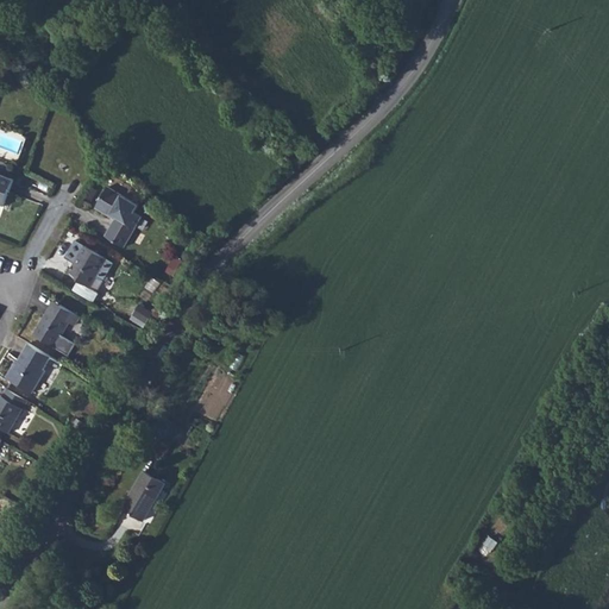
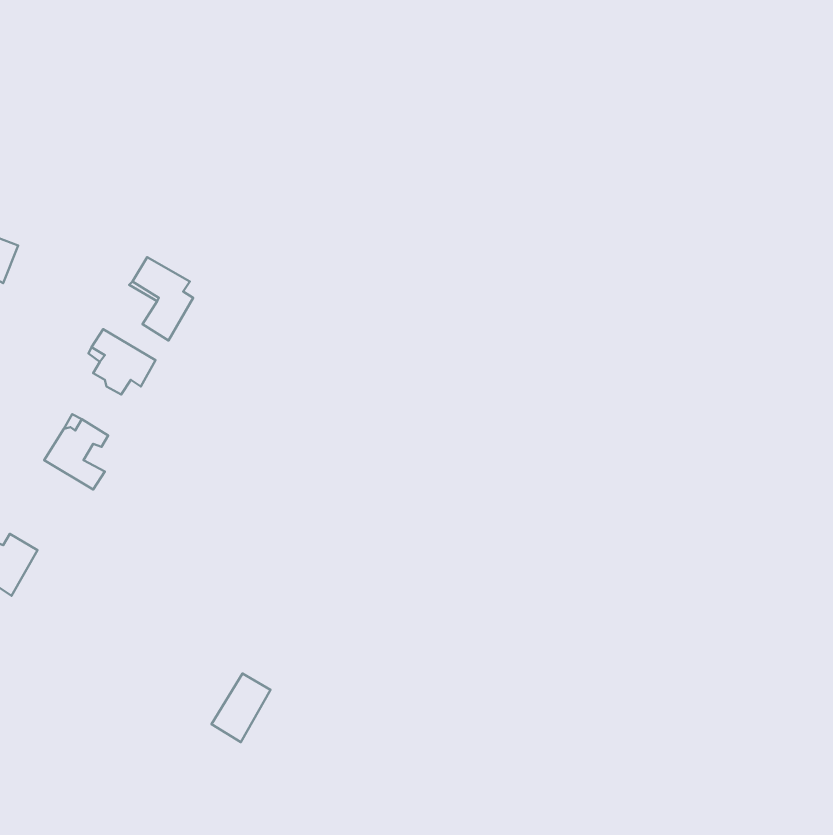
building: [8,344,51,394] -> none
building: [121,472,164,522] -> [212,673,270,742]

